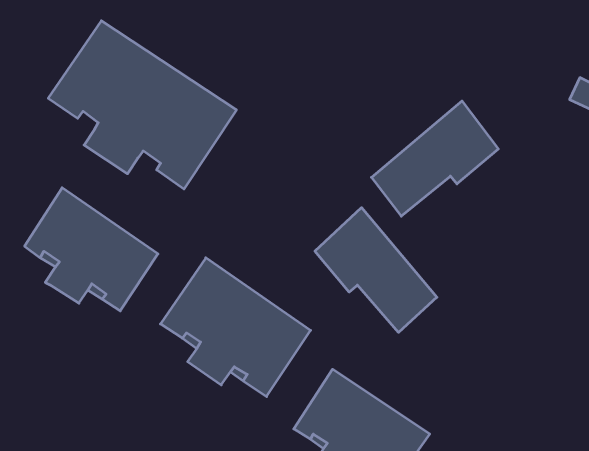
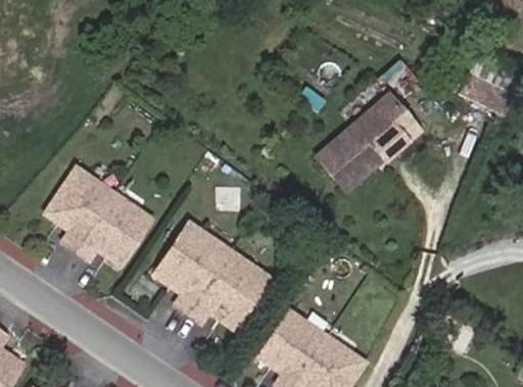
building: [48,21,236,189] -> none
building: [315,208,437,332] -> none

